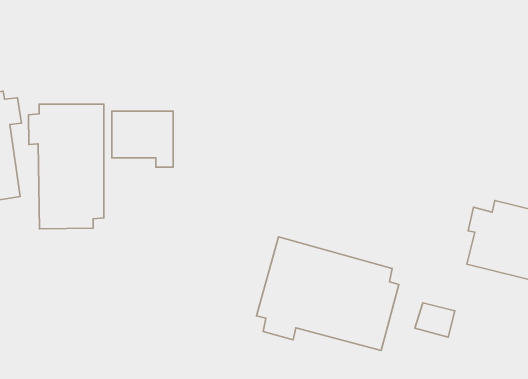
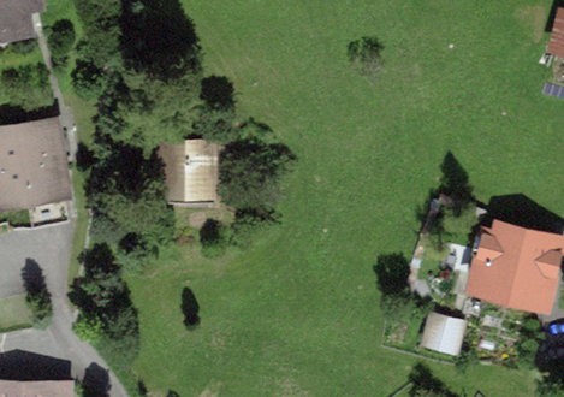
building: [29,104,104,229] -> none
building: [256,237,399,350] -> none

